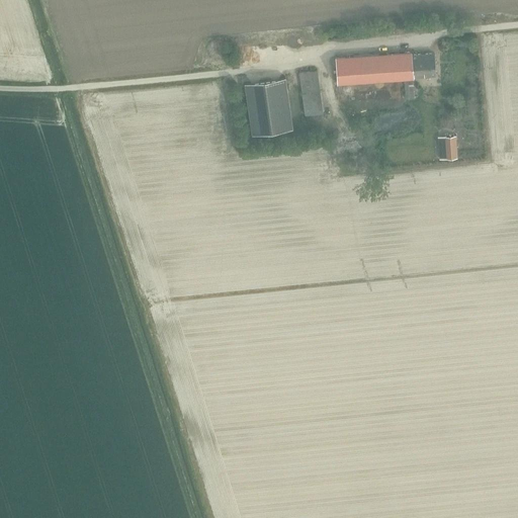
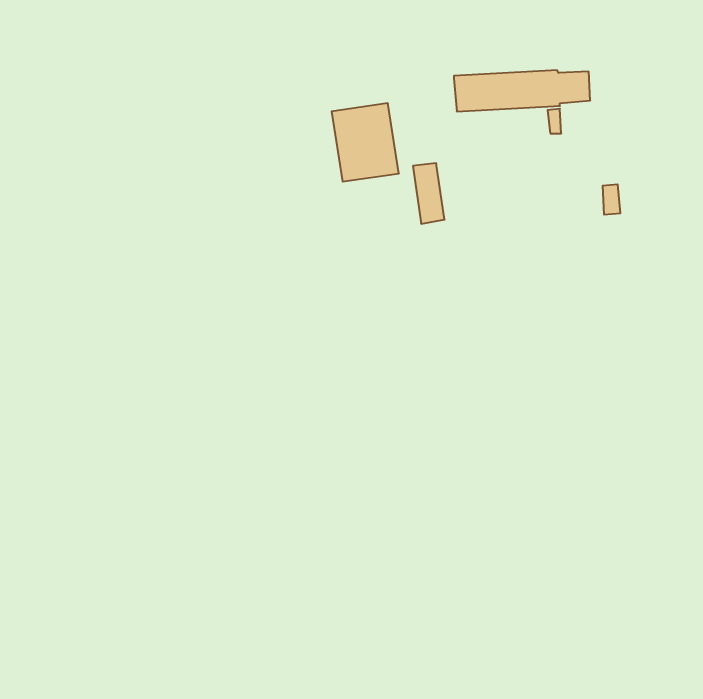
building: [298,73,322,117] -> [413,163,445,224]

